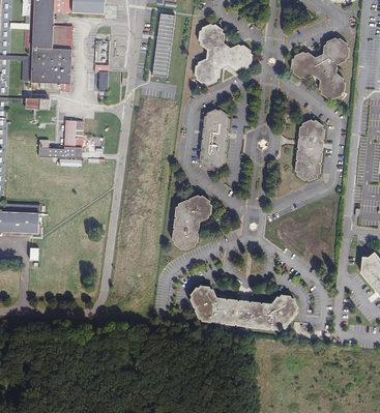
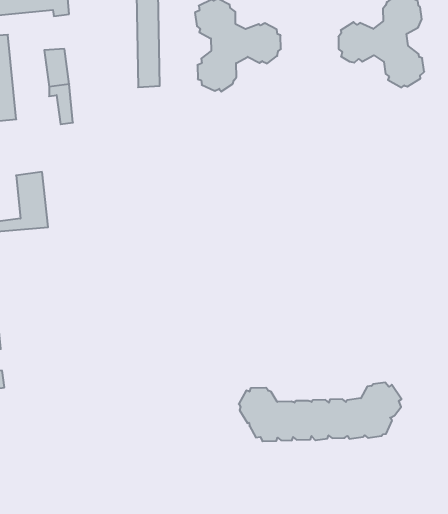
building: [200,105,231,167] -> none
building: [293,118,324,181] -> none
building: [174,190,213,245] -> none

